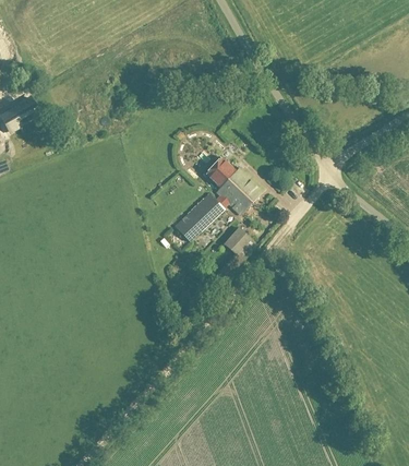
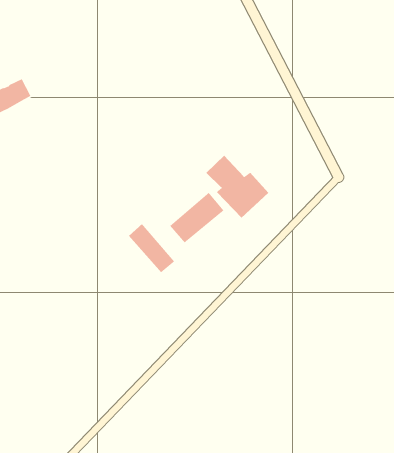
building: none -> [128,223,175,273]
building: [224,226,257,260] -> none

